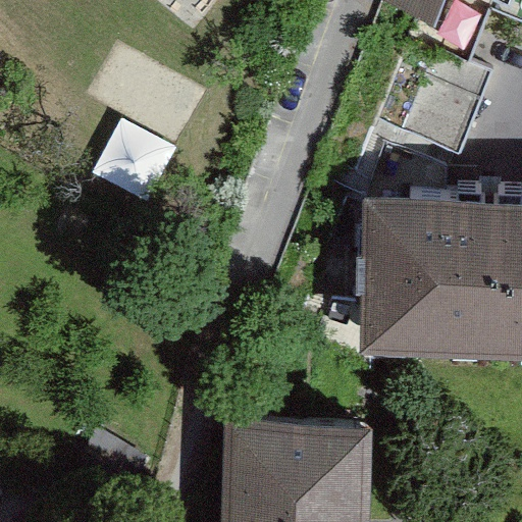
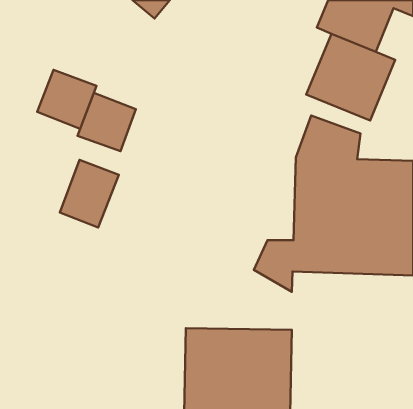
building: none -> [37,70,96,129]
building: none -> [60,160,119,228]

